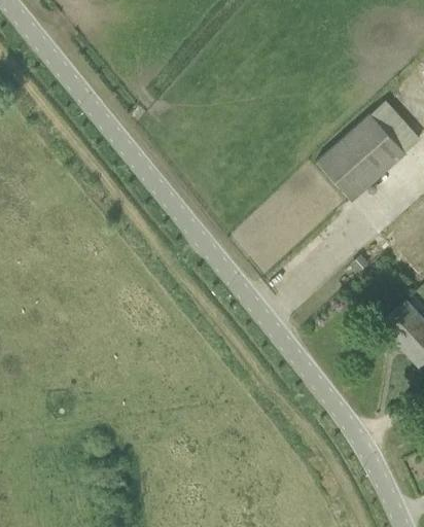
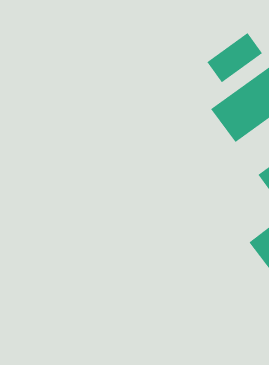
building: none -> [206,32,263,83]

